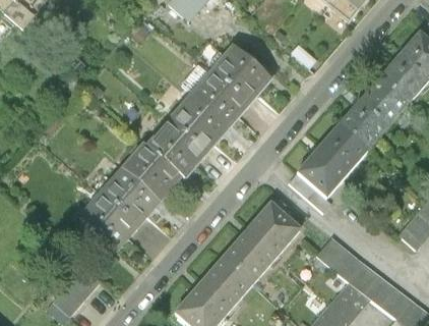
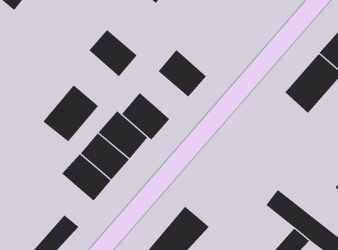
building: [212,50,270,106] -> none
building: [170,100,227,156] -> [88,29,137,77]
building: none -> [43,84,99,142]
building: [298,124,366,196] -> none
building: [223,202,298,281] -> none

